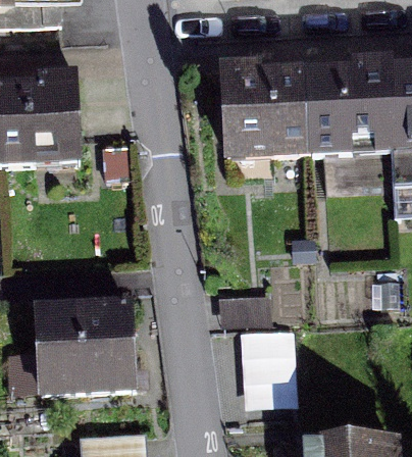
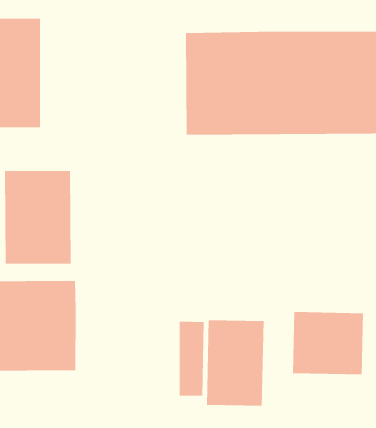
building: none -> [4,170,71,264]
building: none -> [293,311,364,375]

